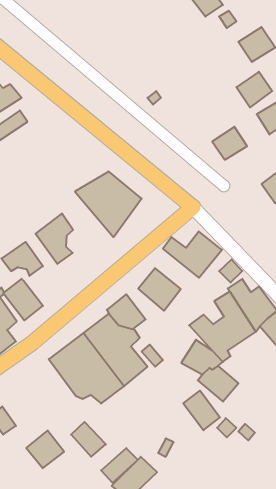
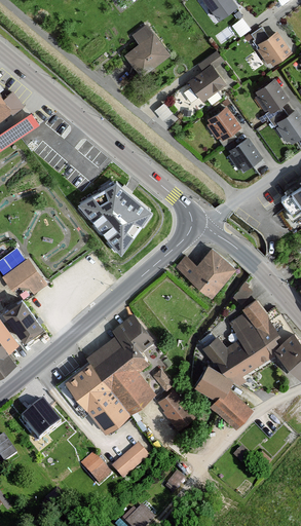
building: none -> [123,26,171,79]
building: none -> [188,50,226,102]
building: none -> [204,108,241,143]
building: [36,213,73,264] -> none
building: [138,268,181,311] -> none
building: [183,391,220,430] -> [155,389,194,431]
building: [26,431,64,468] -> [20,402,60,442]
building: [101,448,138,483] -> [113,440,152,477]

